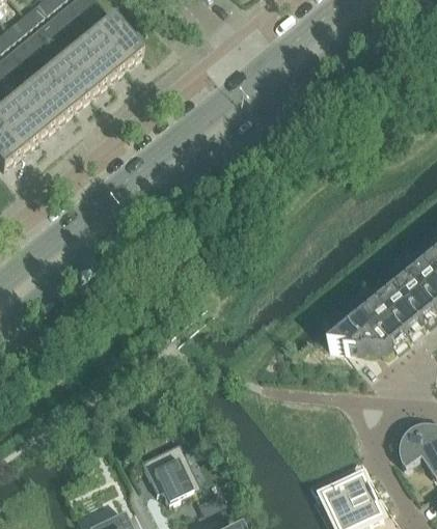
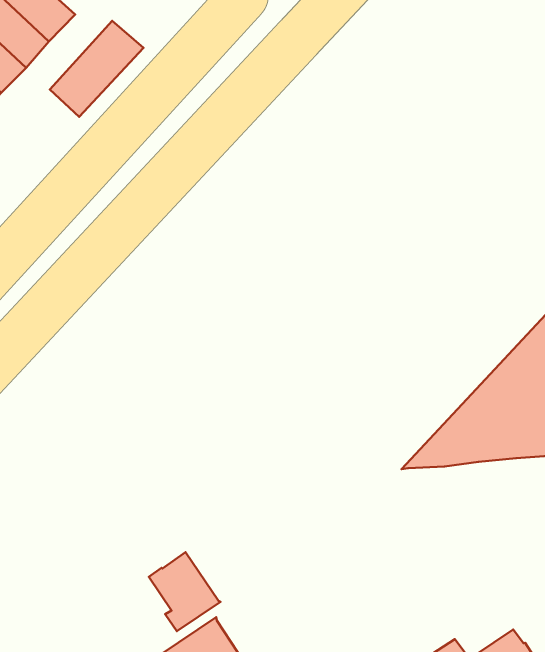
building: none -> [50,21,143,117]
building: none -> [149,552,221,631]

